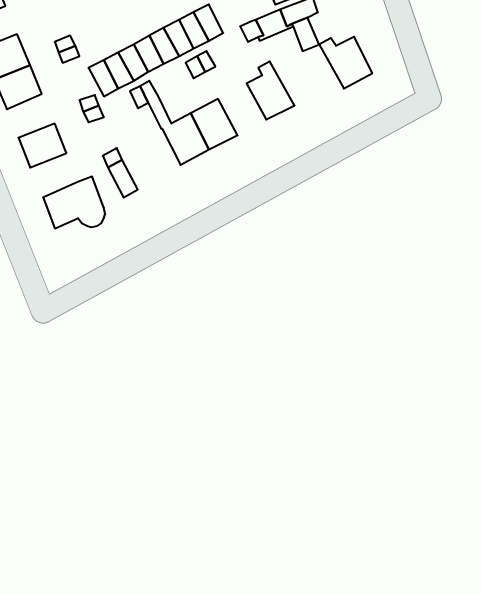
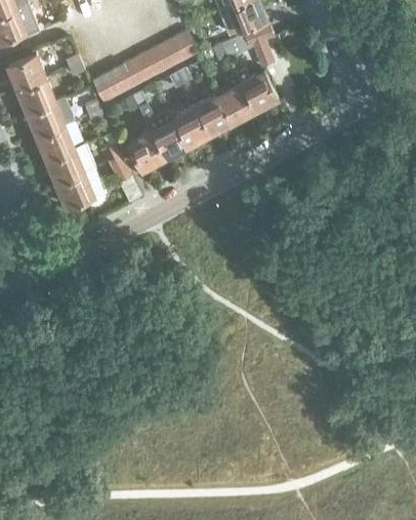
building: [319,37,372,89] -> [234,70,276,111]
building: none -> [193,93,231,134]
building: none -> [26,102,64,136]
building: none -> [125,129,163,170]
building: none -> [44,144,93,184]

